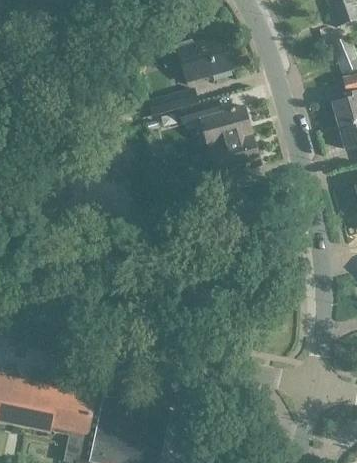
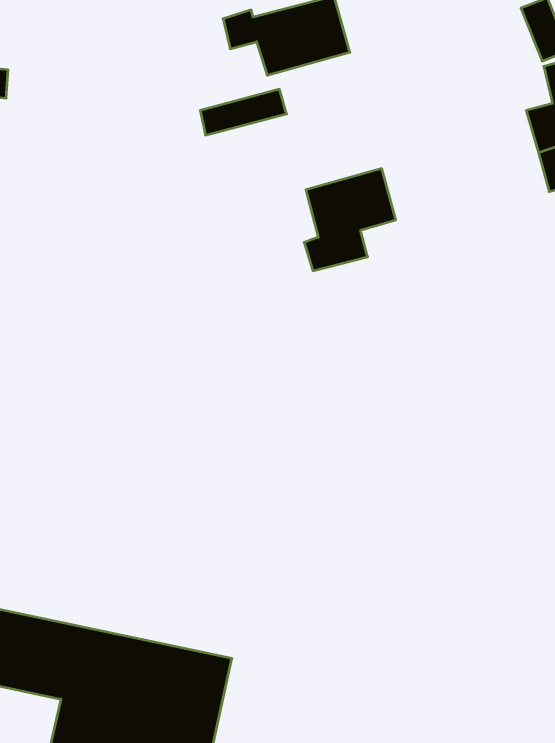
building: [187,97,249,144] -> none

